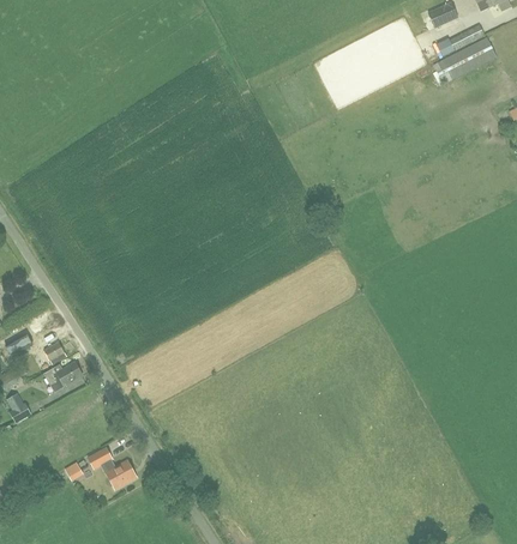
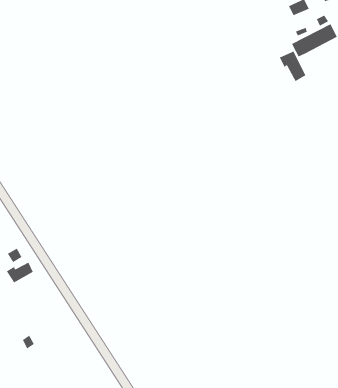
building: none -> [279,51,306,82]
building: [86,446,136,488] -> none

